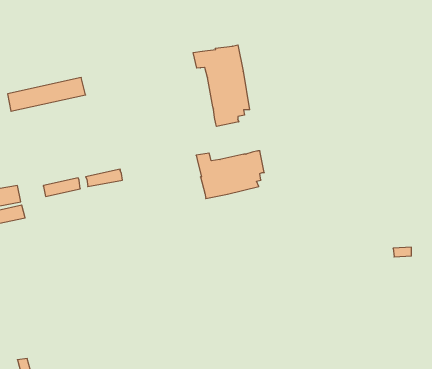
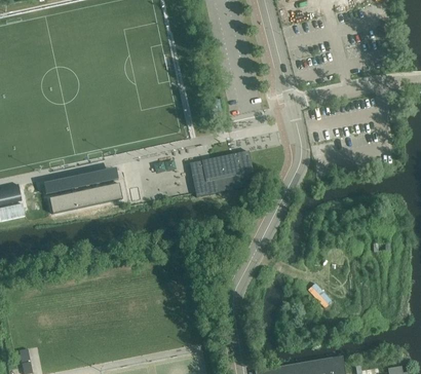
building: [193,45,250,126] -> none
building: [8,78,86,111] -> [48,182,122,214]

